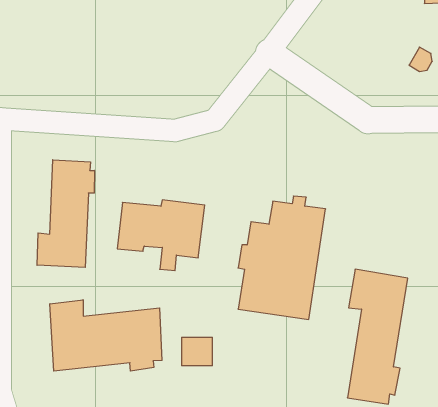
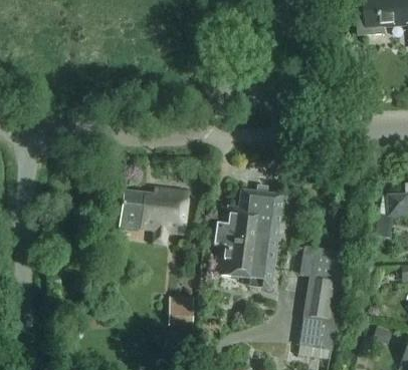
building: [37,160,94,267] -> none
building: [50,300,162,371] -> none

